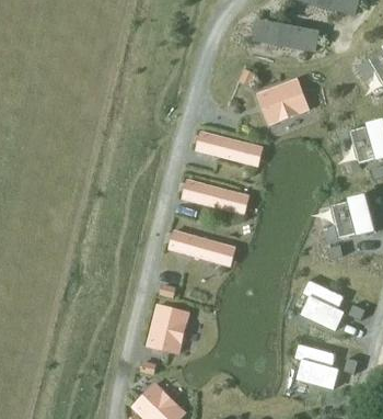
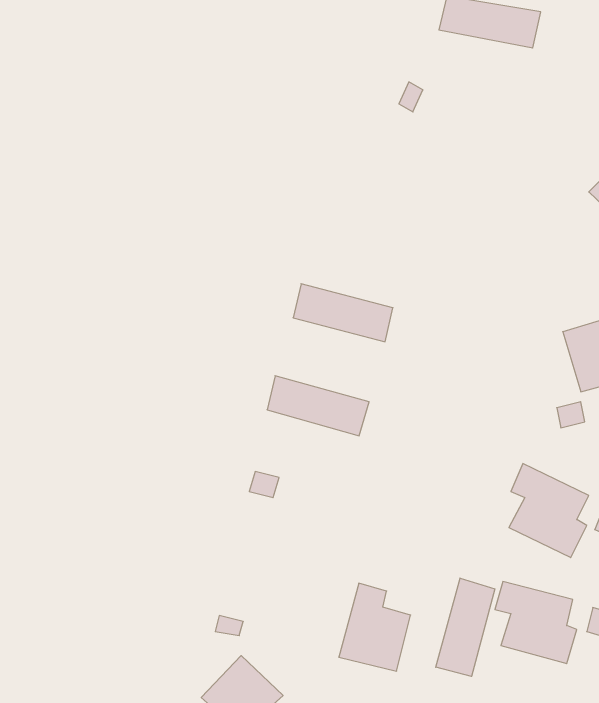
building: [257,79,302,124] -> none
building: [196,132,252,162] -> none
building: [147,305,186,353] -> [339,583,411,671]
building: none -> [436,578,495,676]

